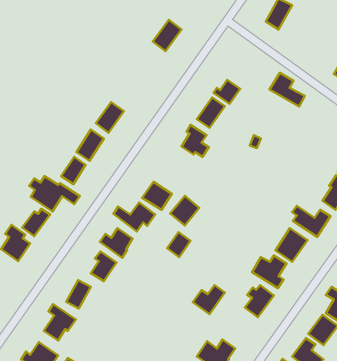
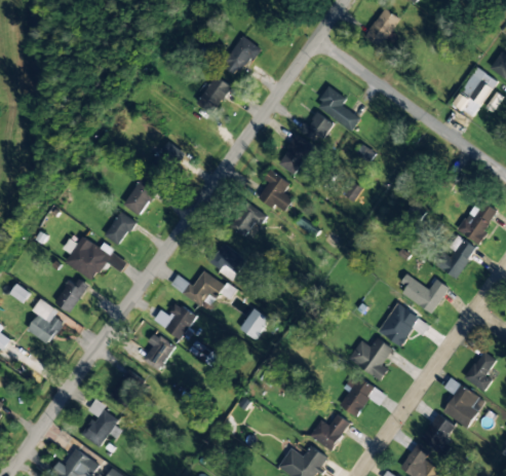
building: none -> [197,75,232,113]
building: [269,73,305,106] -> [316,86,361,130]
building: [170,196,199,225] -> [230,202,267,240]
building: [193,285,225,314] -> [310,413,351,450]

